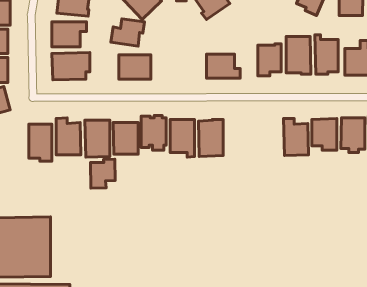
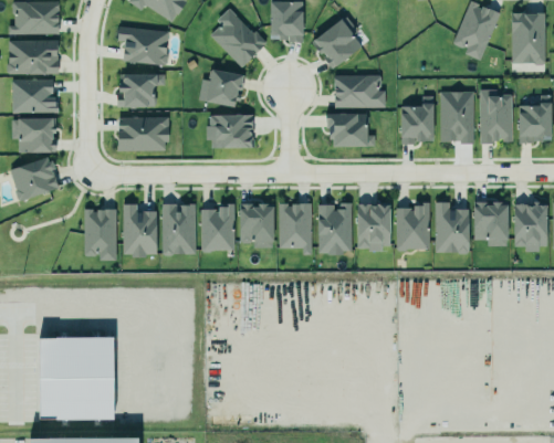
building: none -> [334,74,385,107]
building: none -> [358,205,391,251]
building: none -> [397,207,431,252]
building: [90,159,115,188] -> none

